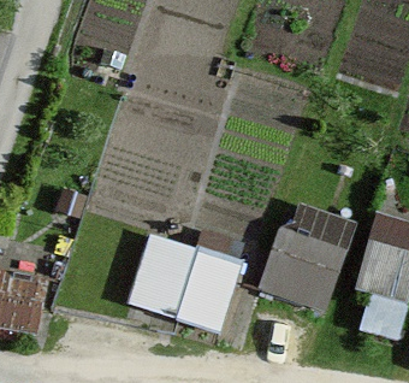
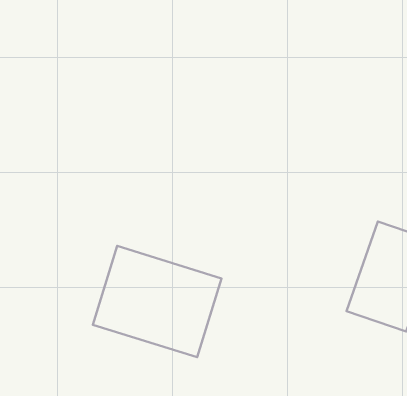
building: [257,200,352,310] -> none

